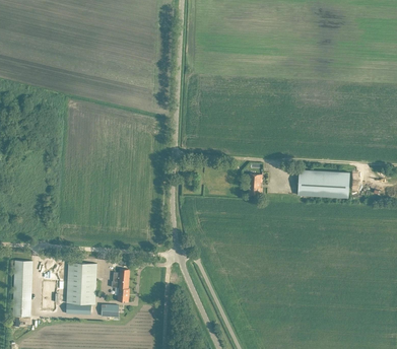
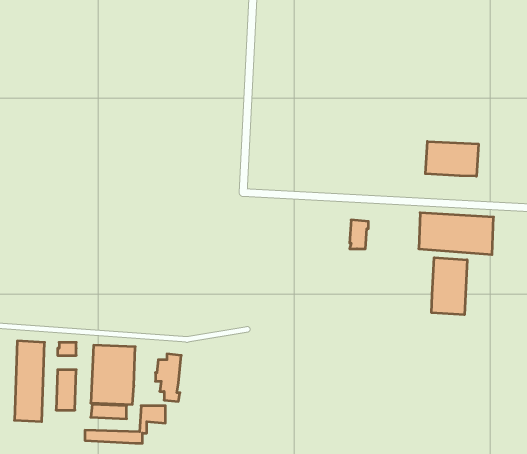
building: none -> [425,141,478,176]
building: none -> [432,258,467,315]

